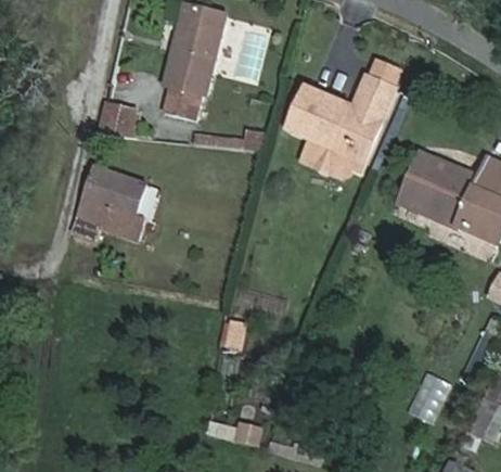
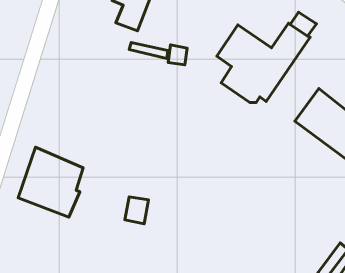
building: [102,105,138,137] -> none
building: [76,168,149,246] -> [18,147,83,217]

